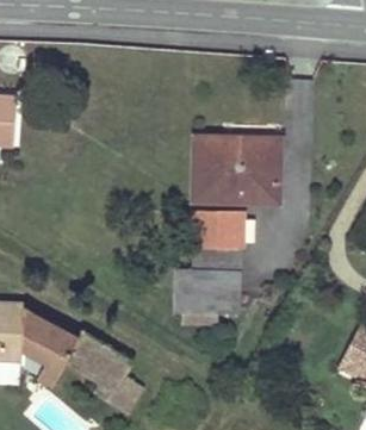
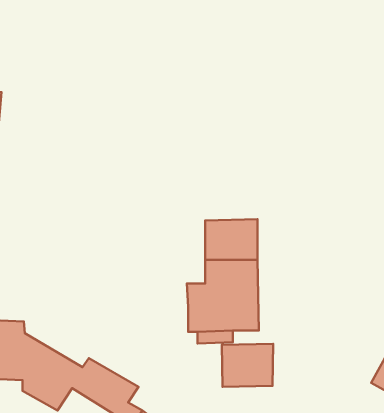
building: [196,137,277,201] -> none
building: none -> [222,344,273,387]

